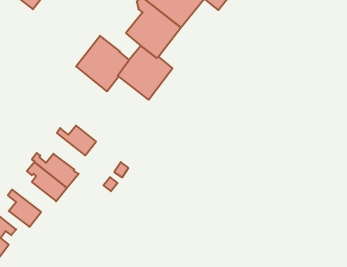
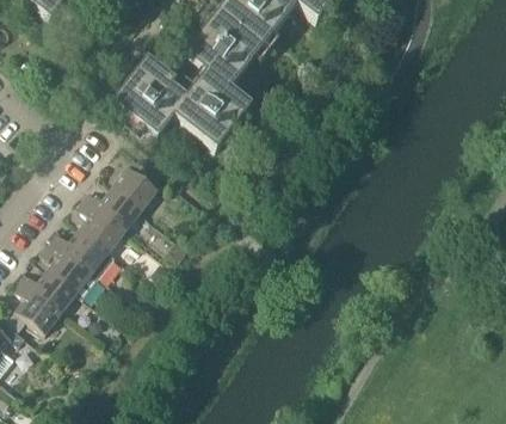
building: none -> [110,160,155,211]
building: none -> [75,199,123,252]
building: none -> [14,270,81,313]

